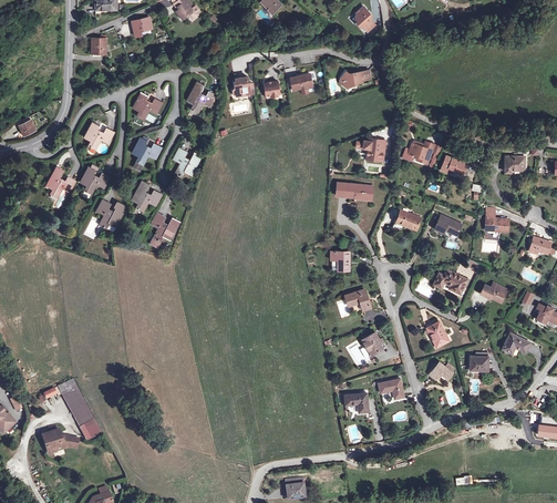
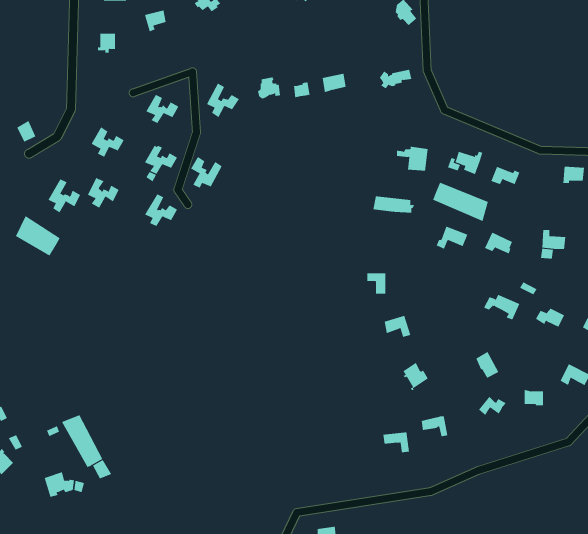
building: none -> [432,182,489,222]
building: [96,199,125,228] -> none
building: none -> [15,215,60,257]
building: [149,213,180,247] -> none

